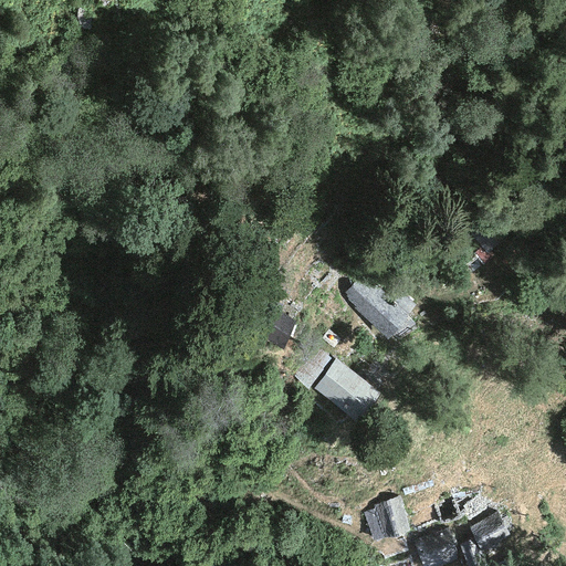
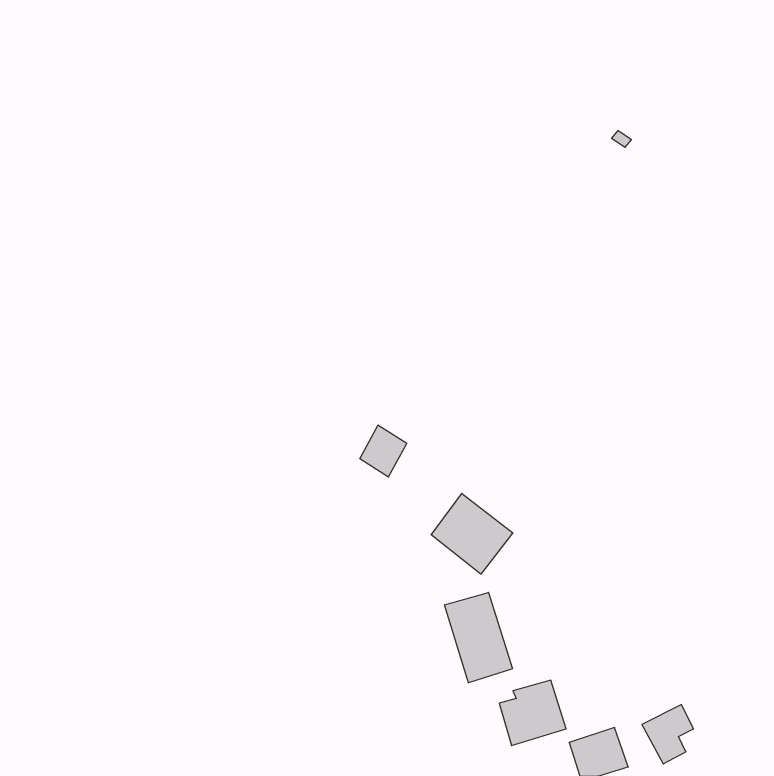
building: [342,274,409,338] -> none
building: none -> [445,592,513,683]

